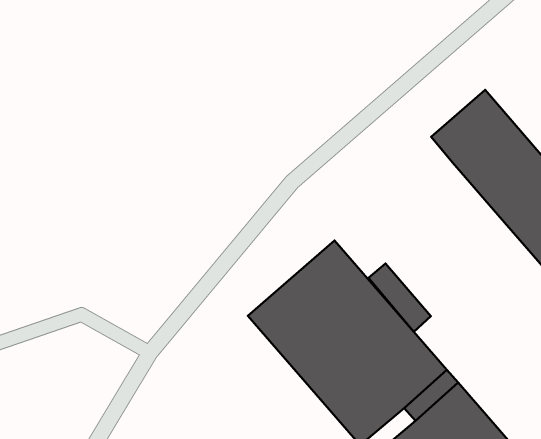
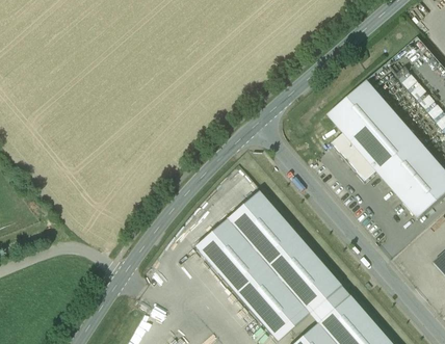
building: [368,264,431,332] -> [332,133,377,183]

